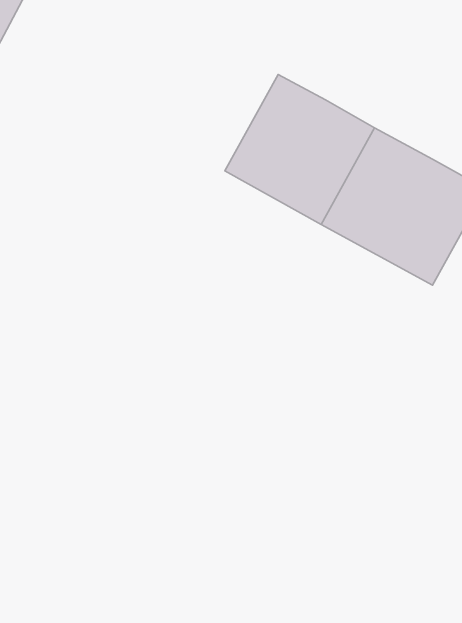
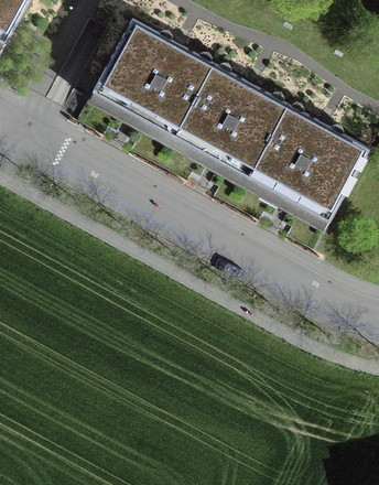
building: none -> [91,19,214,136]

